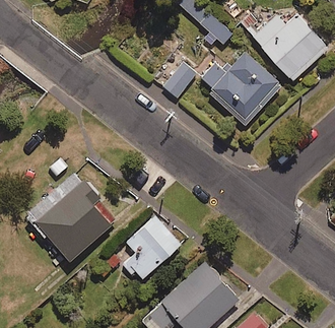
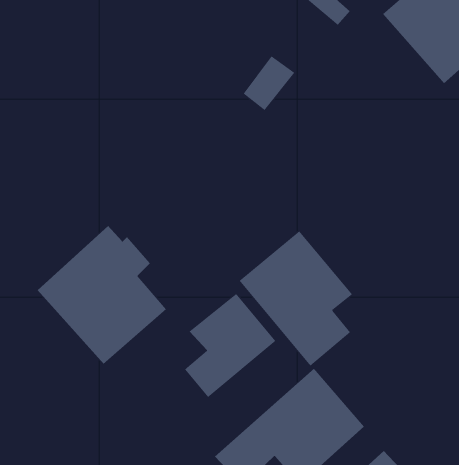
building: [198,55,278,124] -> none
building: none -> [239,230,353,367]

